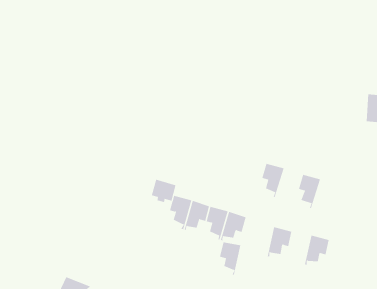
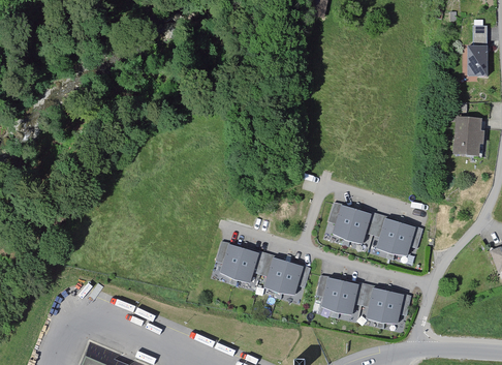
building: none -> [345,209,378,246]
building: [151,179,176,203] -> none
building: none -> [389,222,422,260]
building: none -> [362,286,388,327]
building: [219,242,241,276] -> [316,276,343,317]

